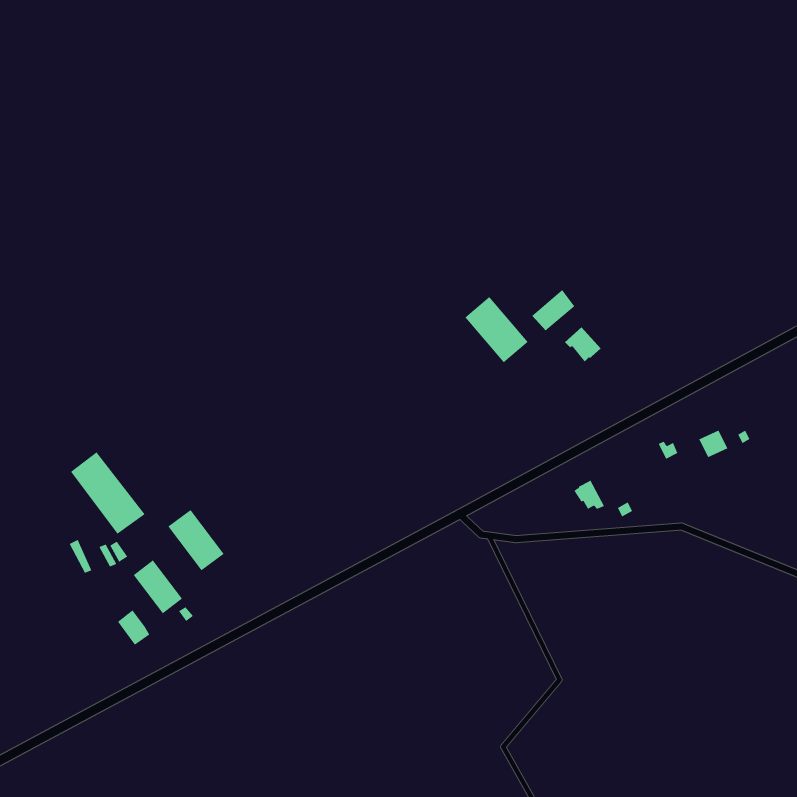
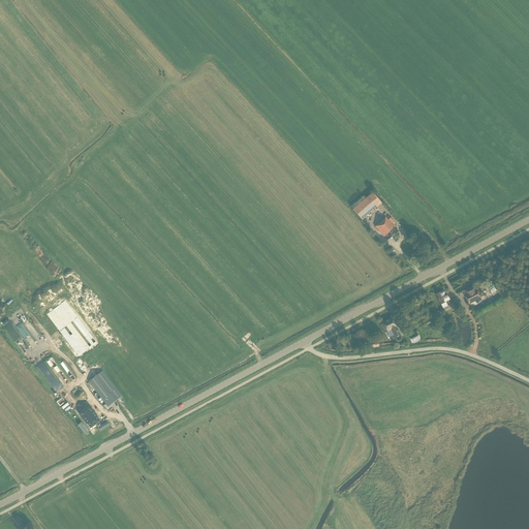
building: [464,296,529,363] -> none
building: [167,509,225,571] -> none

